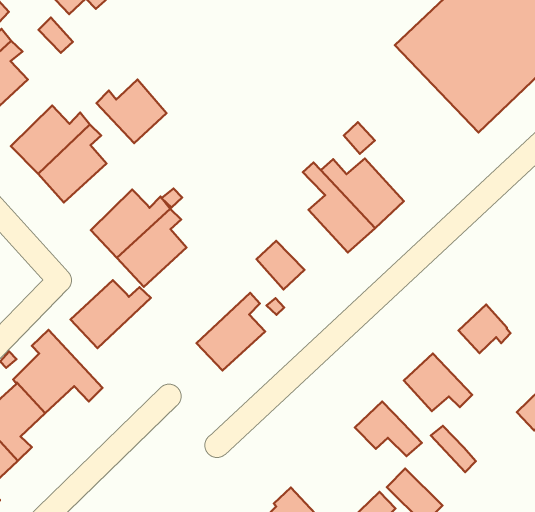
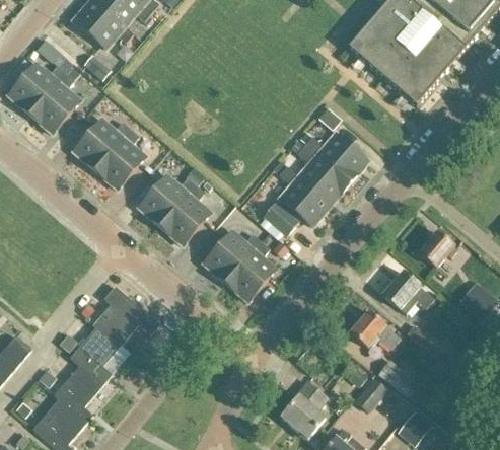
building: [96,80,166,143] -> none
building: none -> [273,161,330,226]
building: [70,280,151,348] -> [203,231,261,283]

